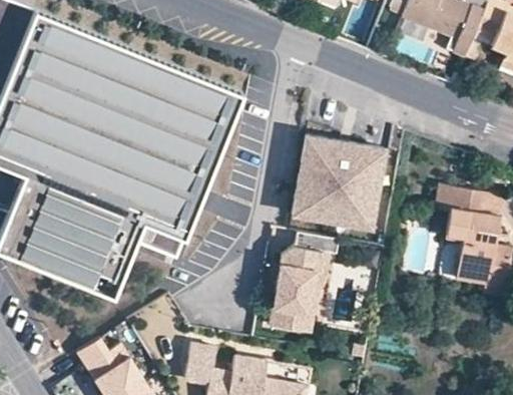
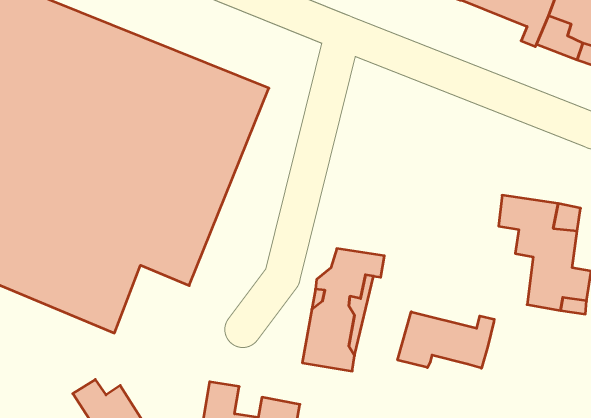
building: [297,139,394,240] -> none
building: none -> [398,312,494,368]

